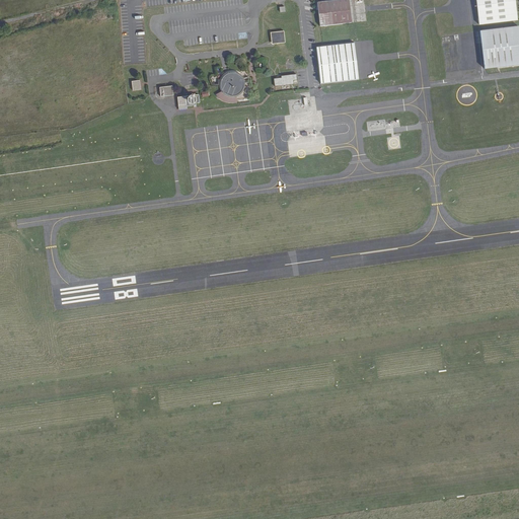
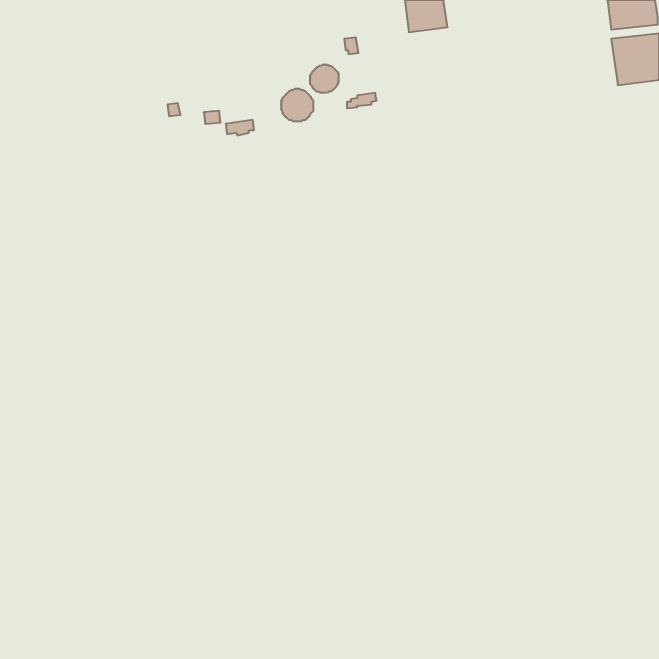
building: [316,41,359,82] -> none
building: none -> [310,64,339,93]

